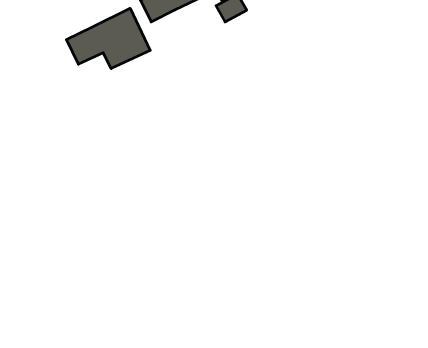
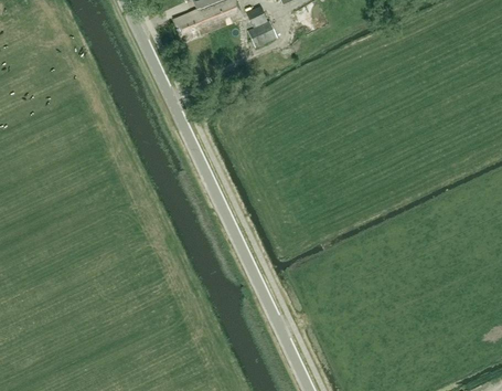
building: [66,8,150,69] -> none

